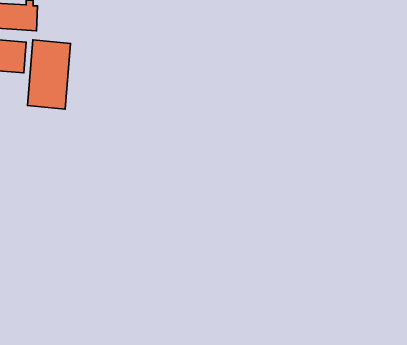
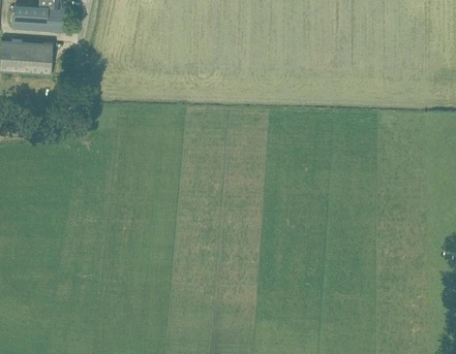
building: [27,40,70,109] -> none

